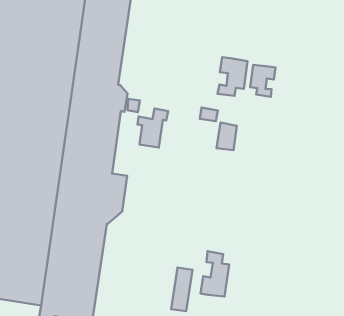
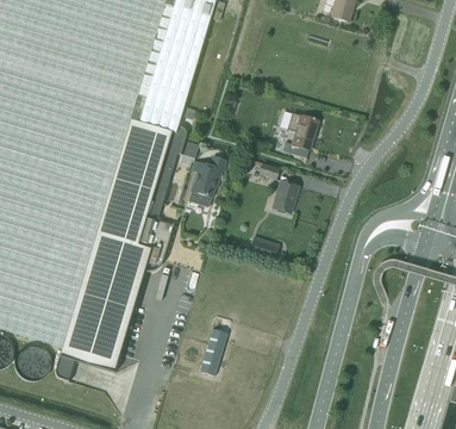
building: [250,65,275,97] -> none
building: [201,251,229,296] -> none

